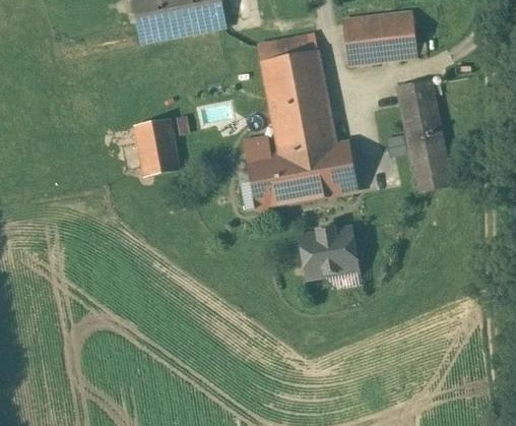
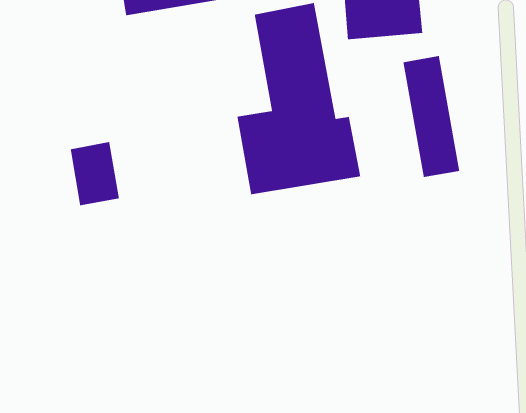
building: [133,115,180,176] -> [70,141,120,206]
building: [298,223,362,284] -> none

